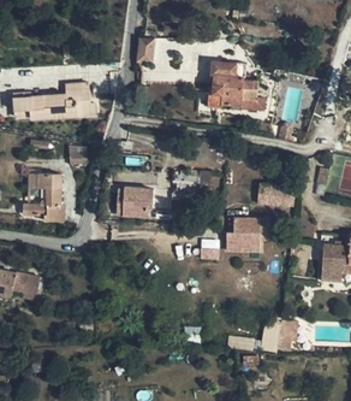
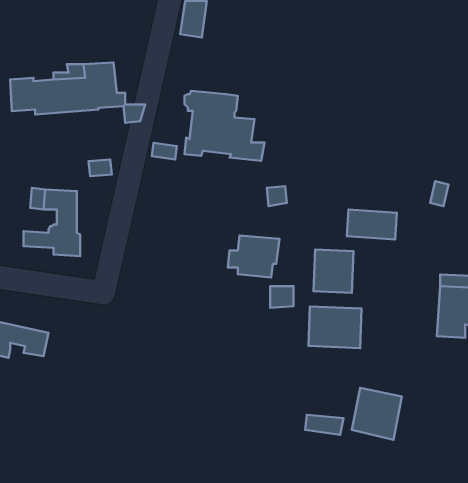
building: [208,61,266,112] -> [185,91,265,161]
building: [117,188,154,218] -> [228,236,279,277]
building: none -> [308,306,362,348]

